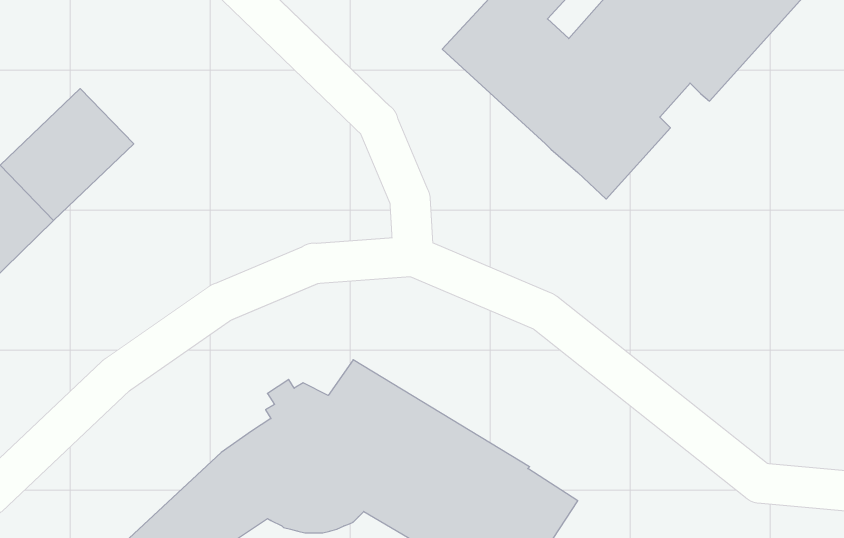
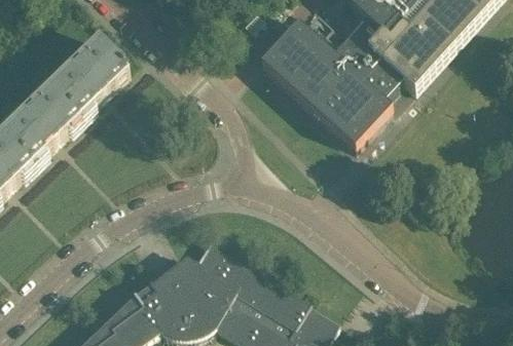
building: none -> [50,41,127,118]

